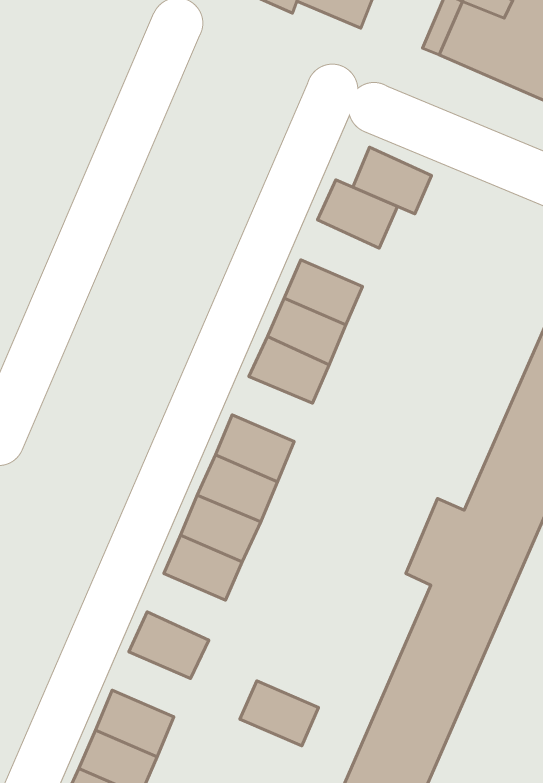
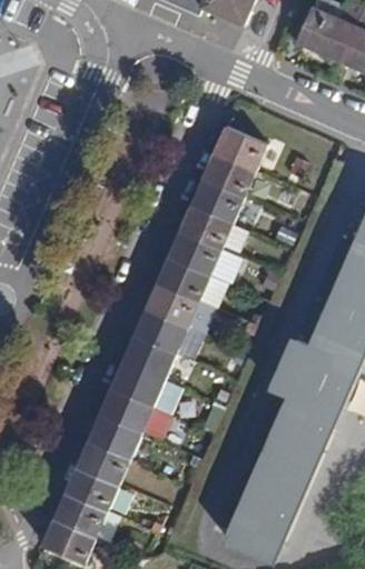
building: [353,147,431,214] -> [203,152,255,197]
building: none -> [157,257,210,300]
building: none -> [100,388,152,432]
building: [240,681,318,746] -> [77,440,129,483]

